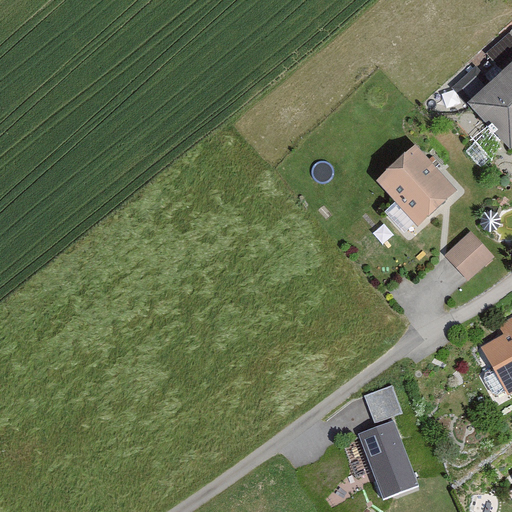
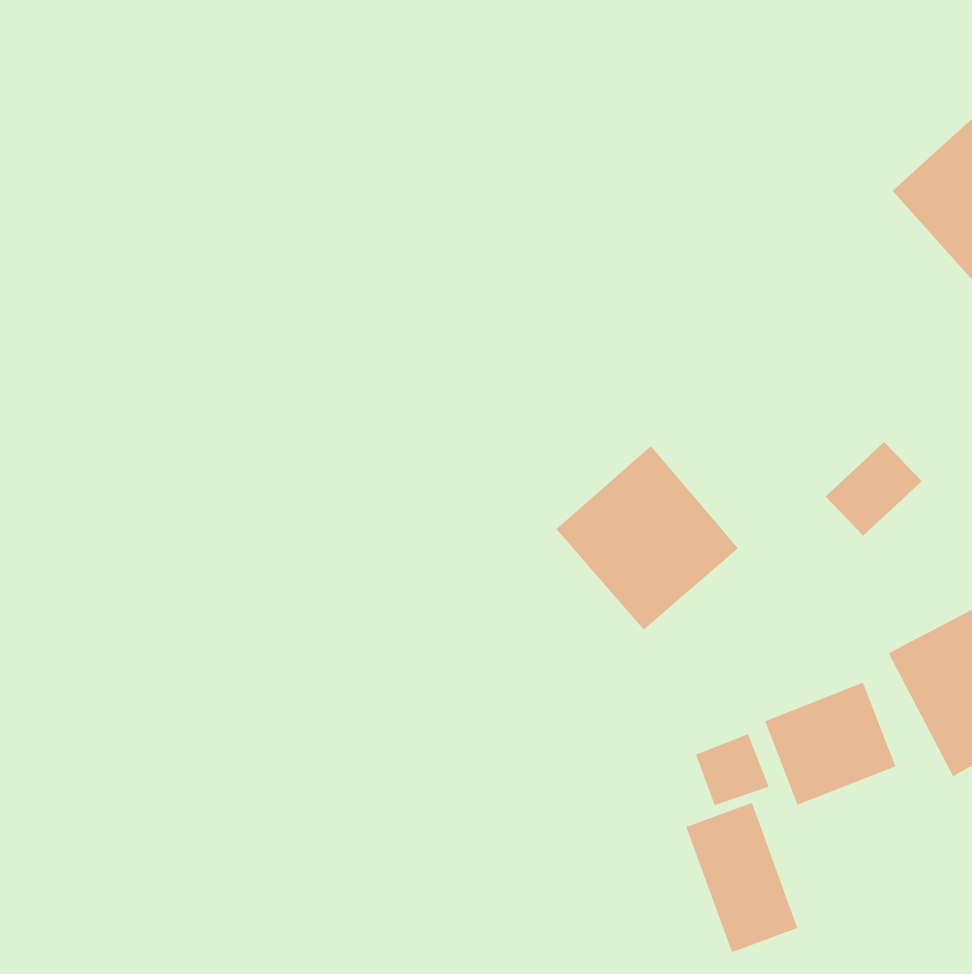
building: [363,139,459,236] -> [556,445,739,630]
building: none -> [764,682,896,806]

